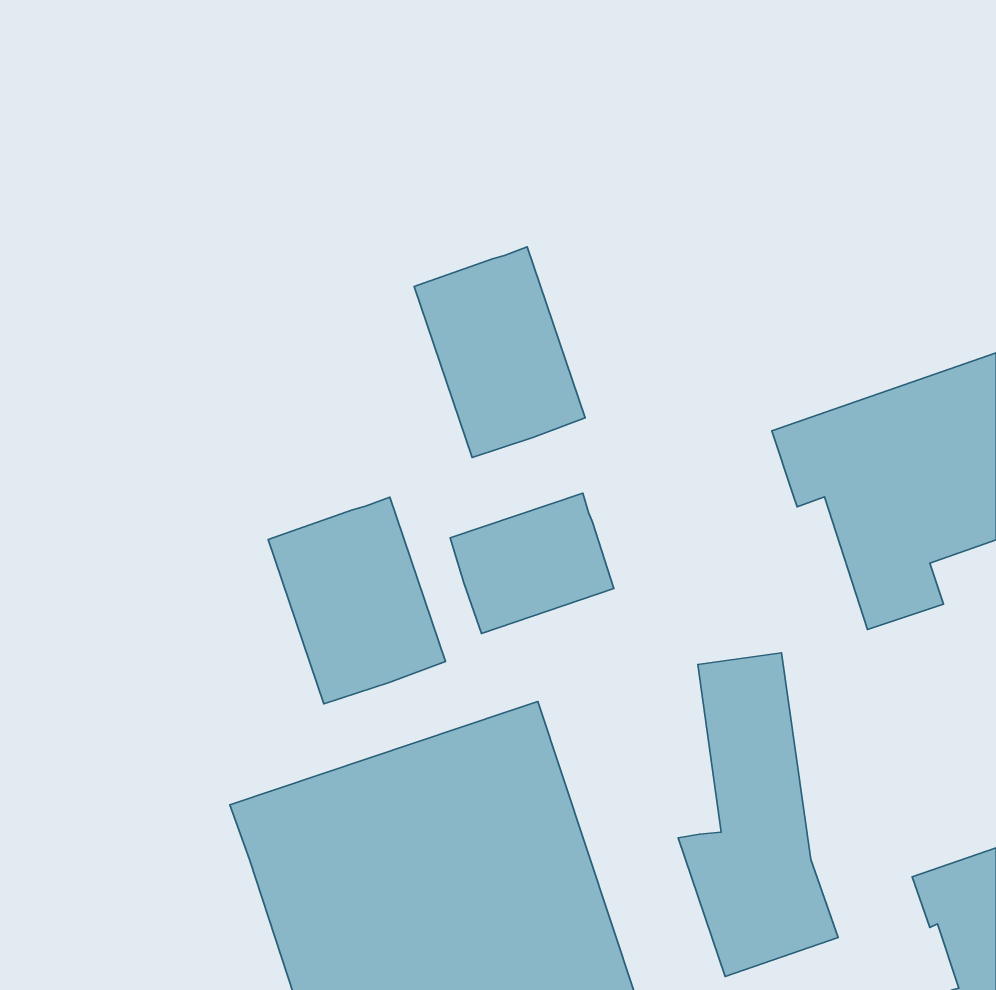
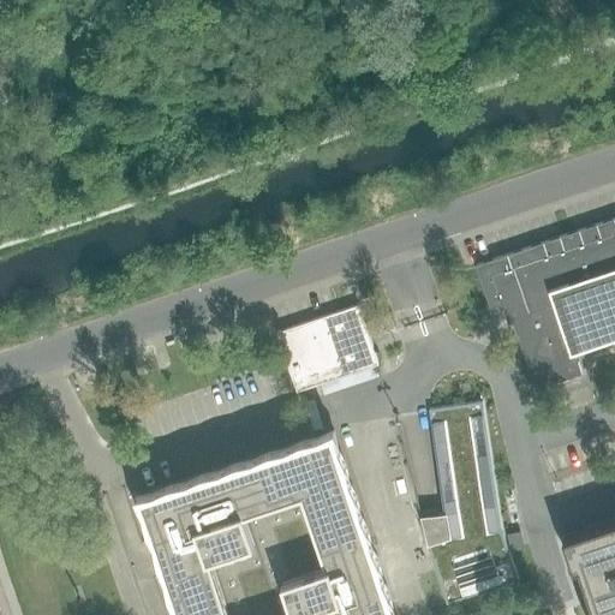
building: [414,247,585,457] -> none
building: [268,497,445,704] -> none

